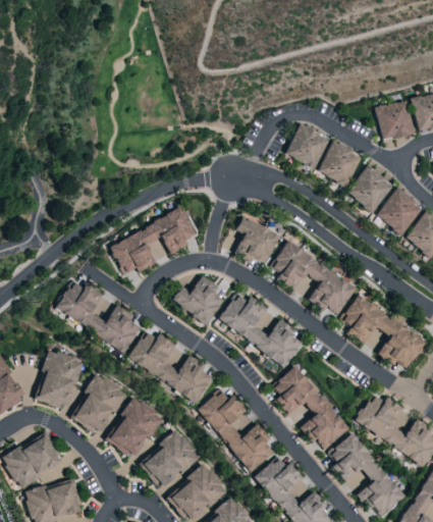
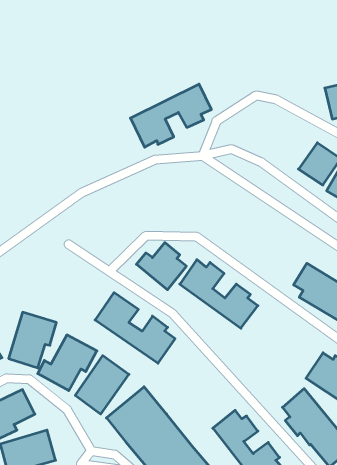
building: [285,123,329,168] -> none
building: [318,141,362,186] -> none
building: [110,207,198,275] -> [130,84,211,147]
building: [228,216,281,263] -> none
building: [272,241,358,314] -> none
building: [54,280,141,353] -> none
building: [272,365,349,451] -> none
building: [199,389,275,473] -> none

